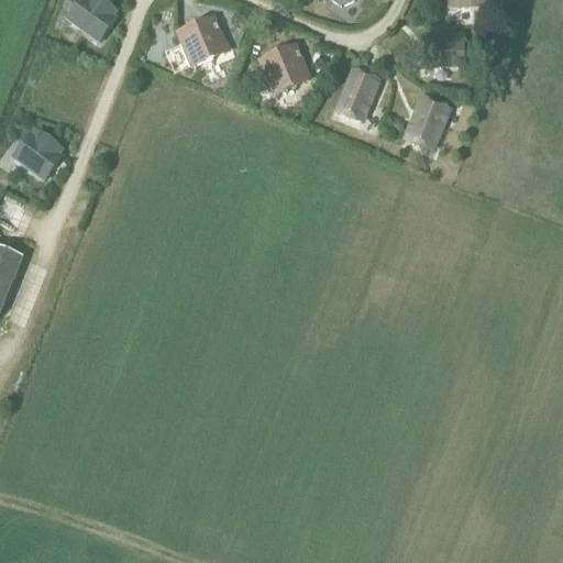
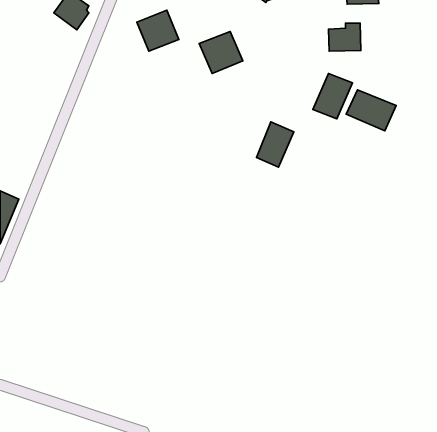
building: [334,64,383,122] -> [256,122,294,167]
building: none -> [346,90,396,131]
building: [14,130,60,177] -> none

